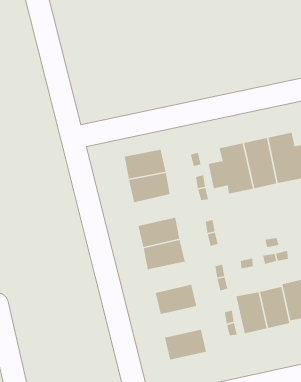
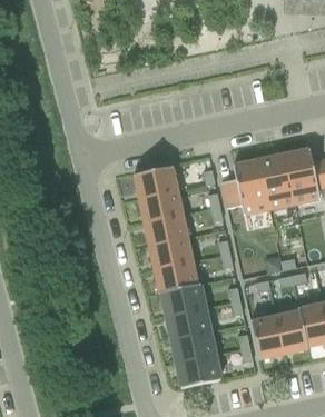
building: none -> [145,214,189,246]
building: none -> [159,284,206,316]
building: none -> [173,330,216,363]

